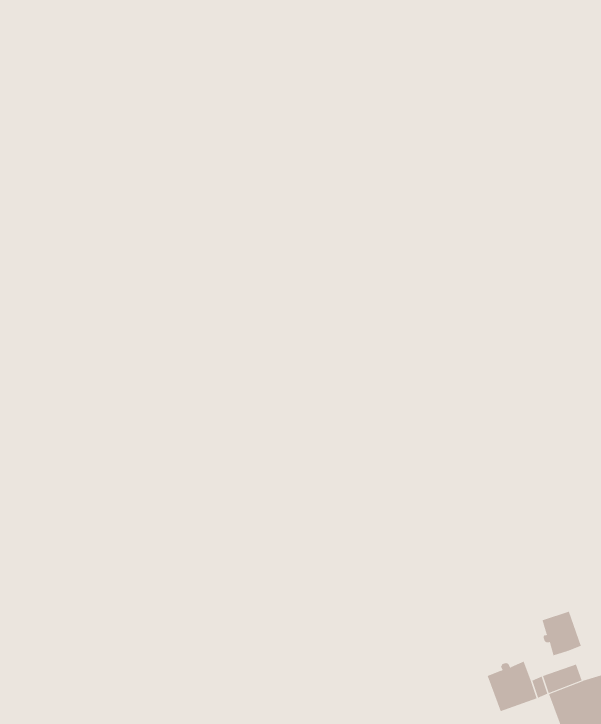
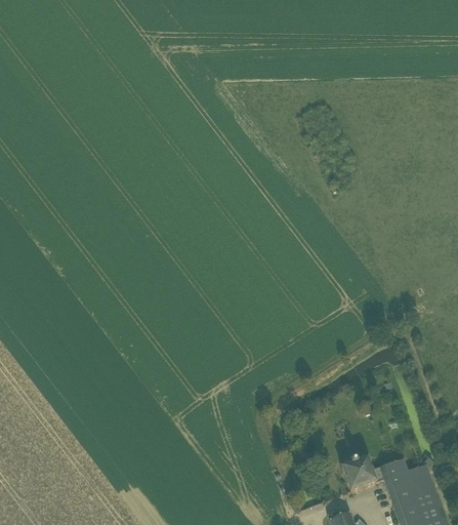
building: [542,611,581,656] -> none

